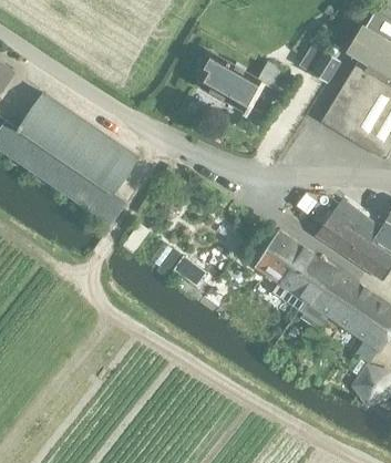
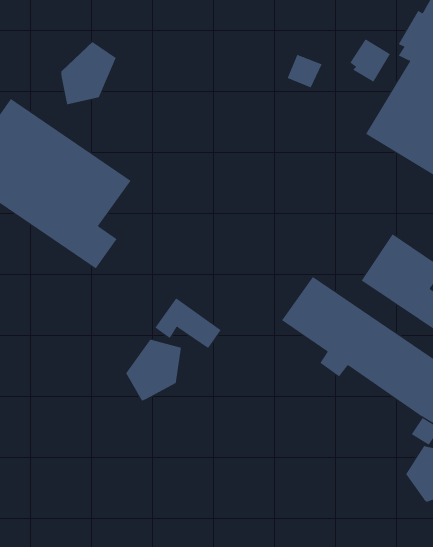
building: none -> [61,41,117,105]
building: [196,54,260,111] -> none
building: none -> [126,339,182,401]

